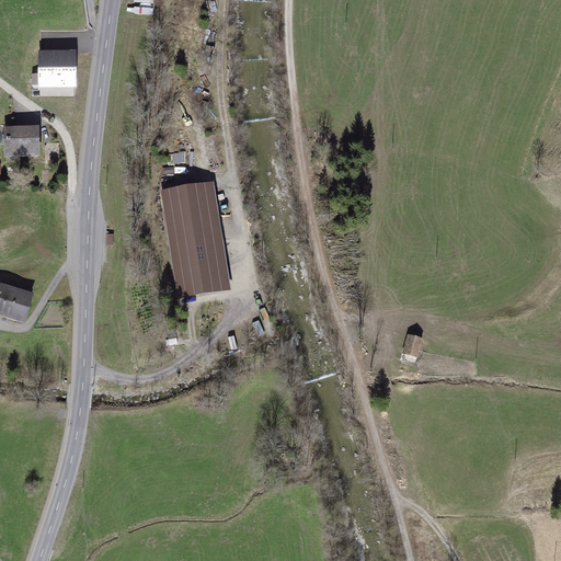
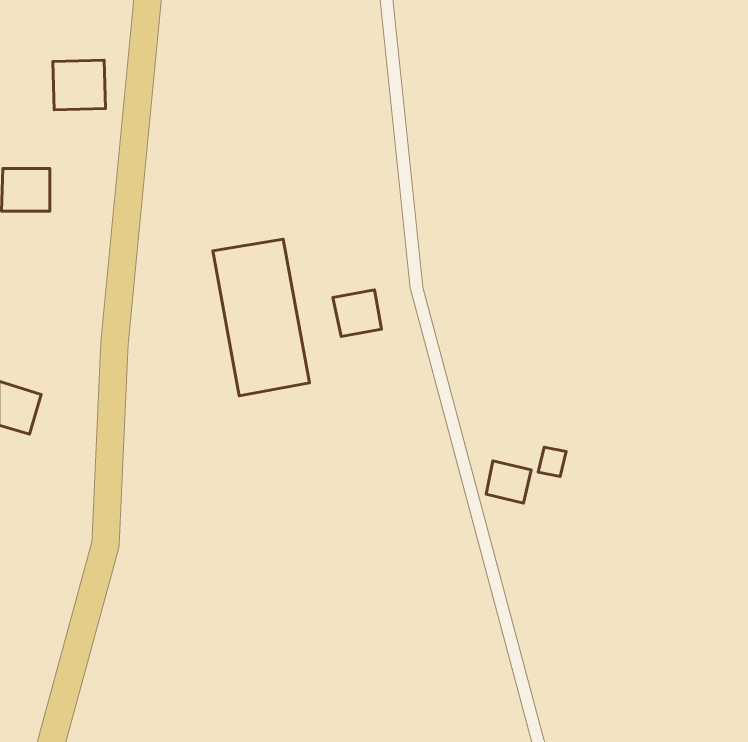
building: none -> [333,290,382,336]
building: none -> [486,461,531,503]

